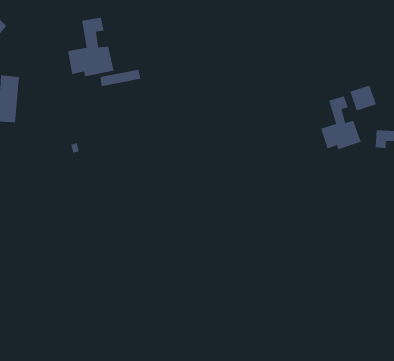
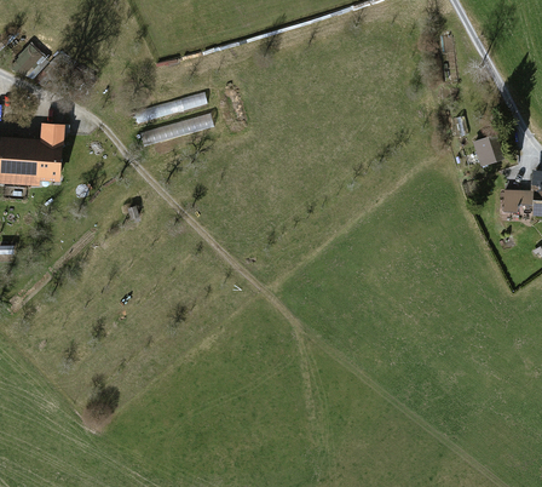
building: [67,17,114,77] -> none
building: [321,95,361,150] -> none

